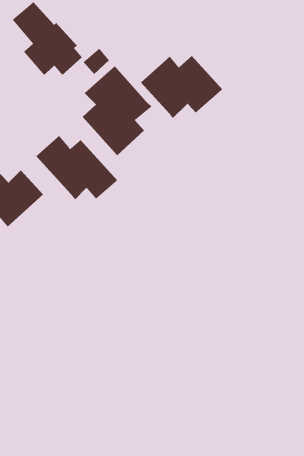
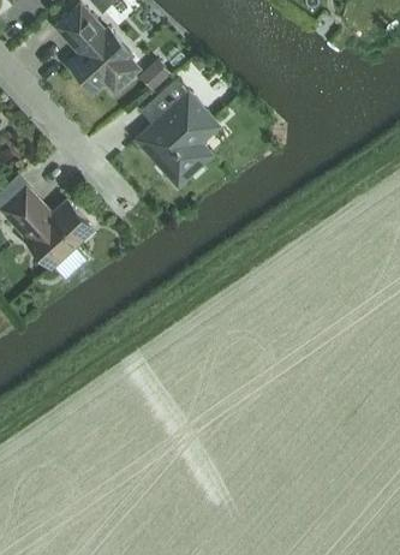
building: [140,55,223,119] -> none
building: [36,135,118,200] -> none

